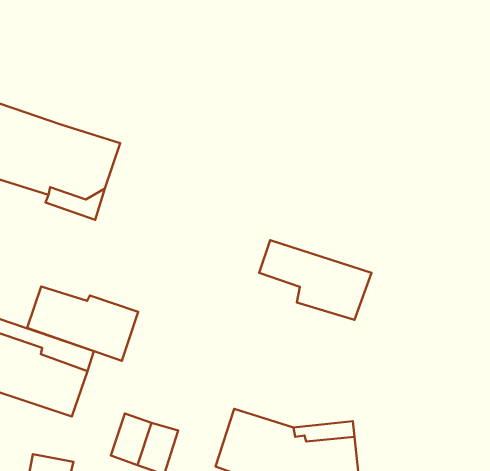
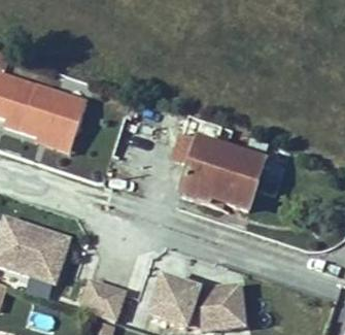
building: none -> [174,133,261,186]
building: [27,286,138,361] -> none

